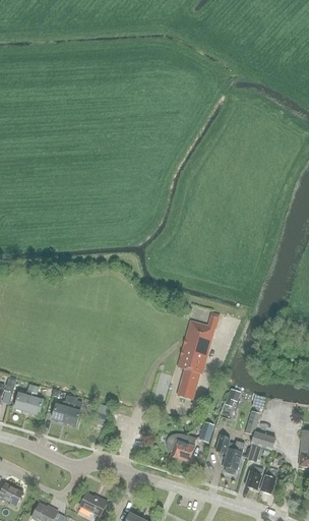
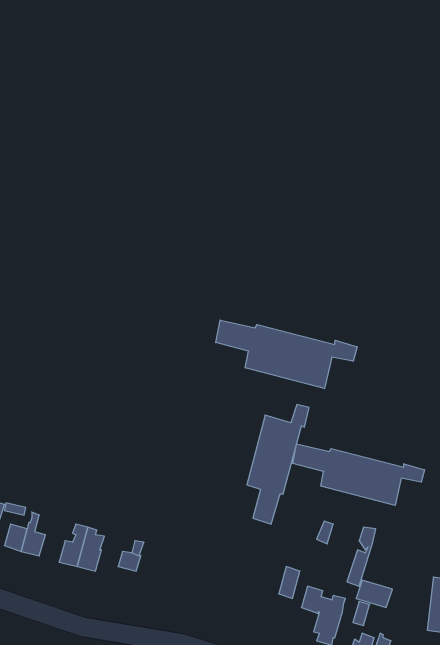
building: none -> [216,320,357,389]
building: none -> [293,444,425,505]
building: [168,433,196,461] -> none

